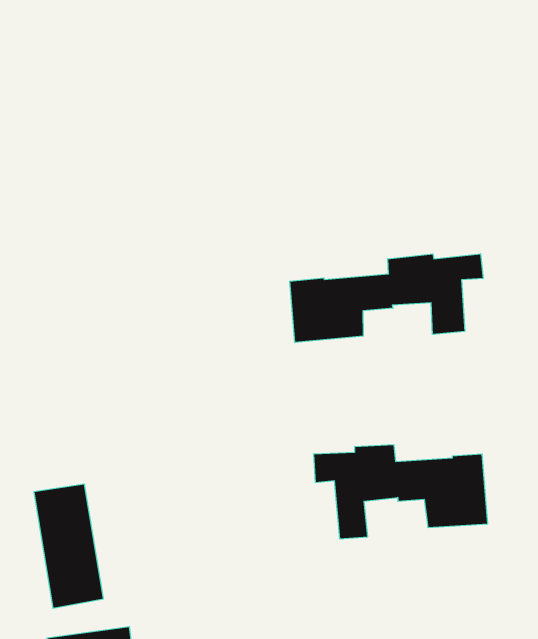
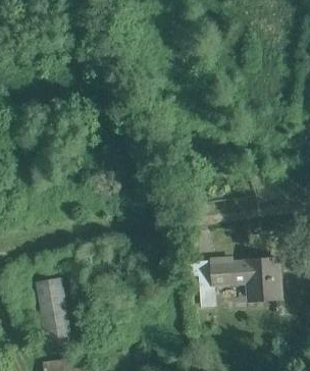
building: [290,254,483,343] -> none

